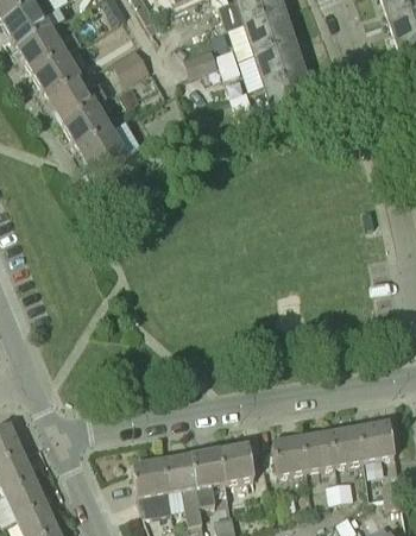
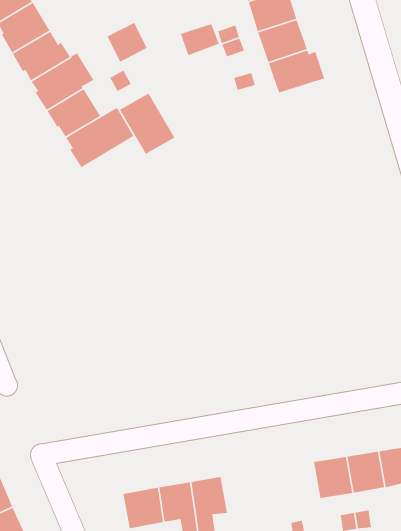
building: none -> [119,93,175,155]
building: [272,436,307,474] -> none
building: [219,444,254,483] -> none

